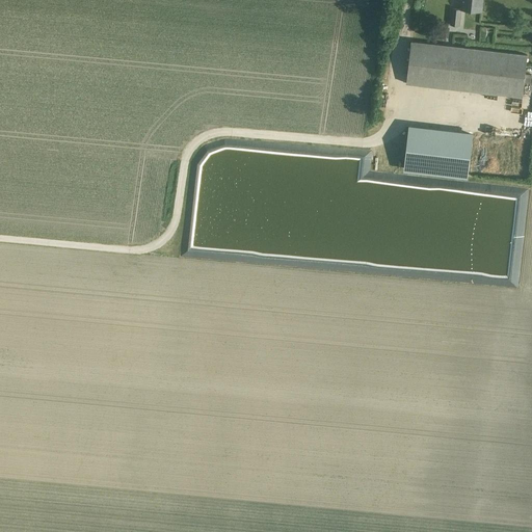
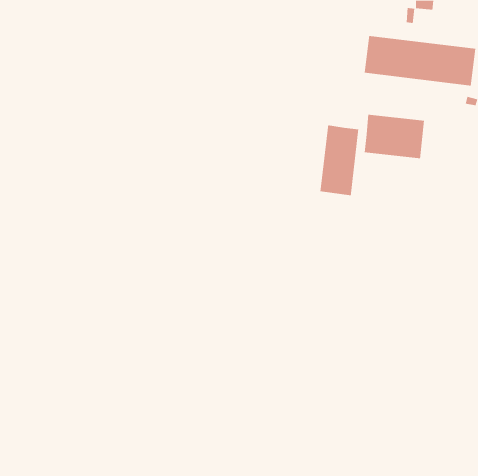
building: none -> [320,125,359,196]

